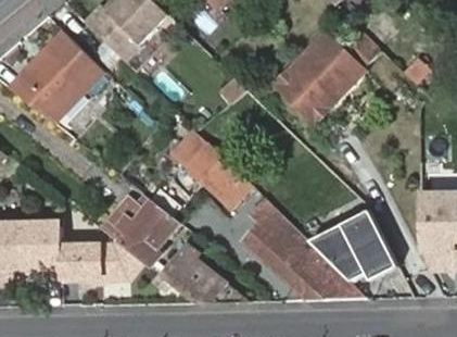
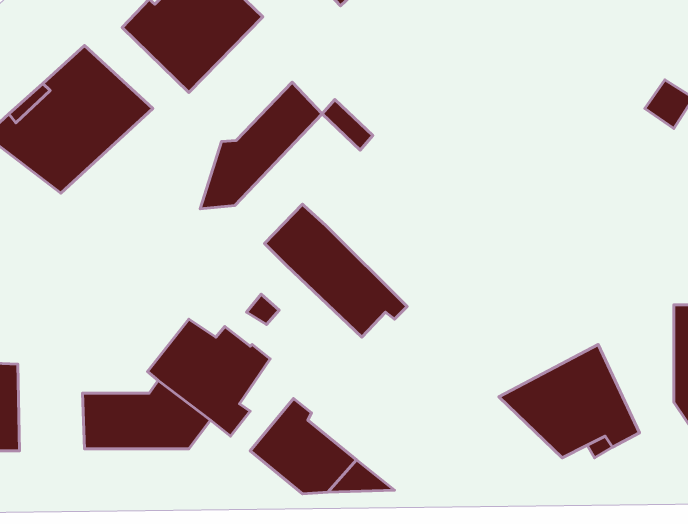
building: [276,33,380,120] -> none
building: none -> [200,82,322,209]
building: [242,190,366,300] -> none
building: [22,225,62,283] -> none

